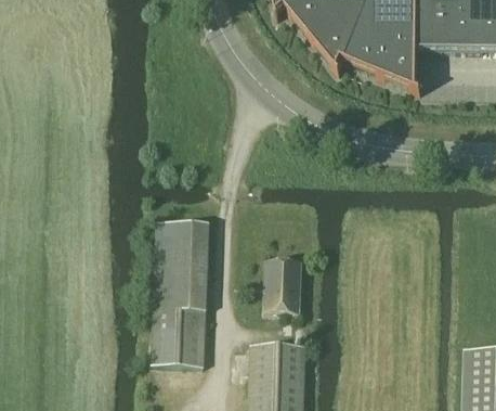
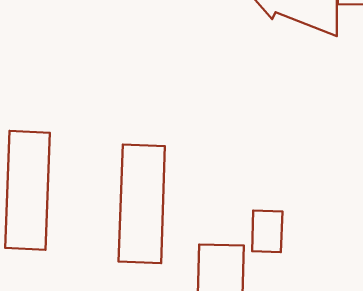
building: none -> [5,131,50,250]
building: [264,259,301,310] -> [252,211,282,252]

